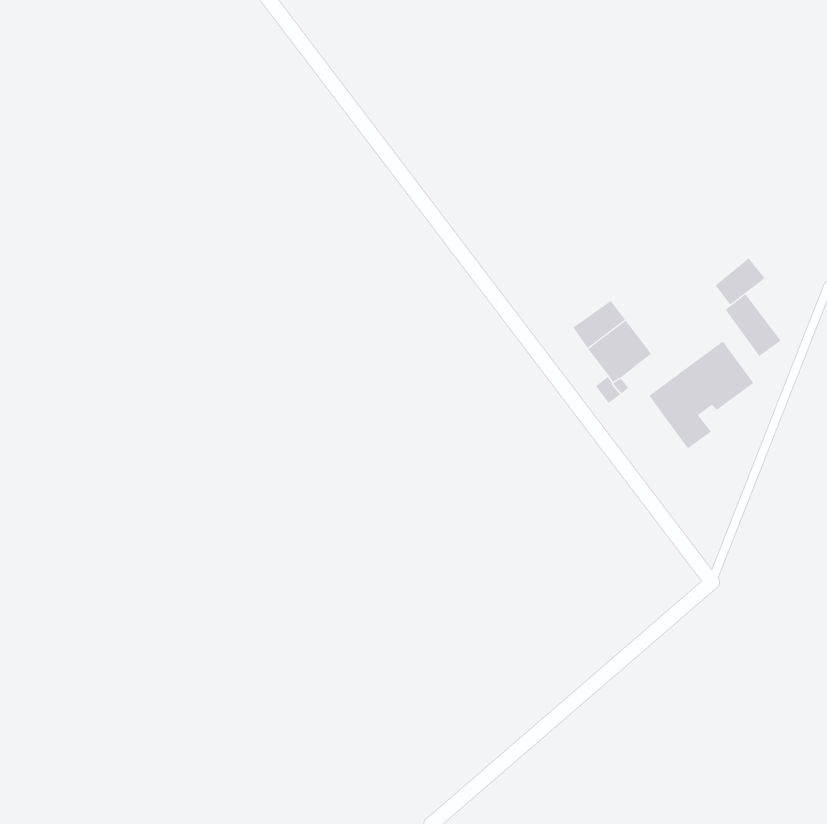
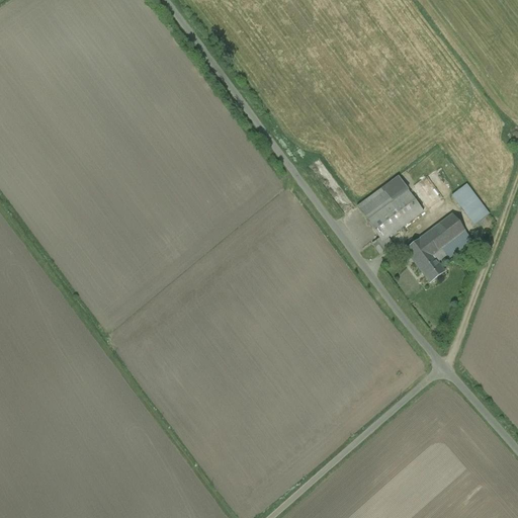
building: [715,258,766,306] -> none
building: none -> [392,187,424,221]

